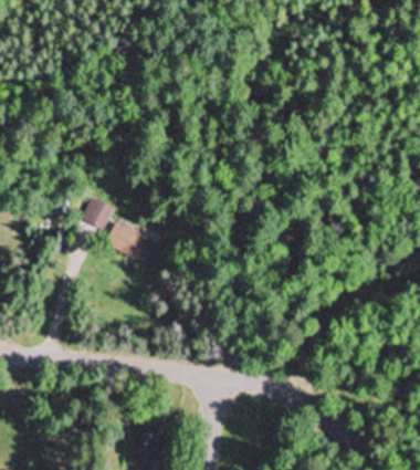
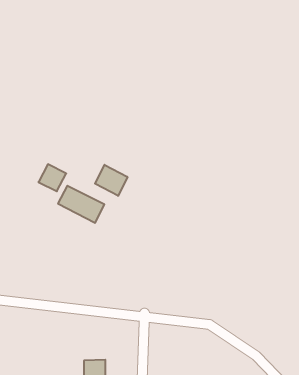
building: none -> [95,165,127,196]

